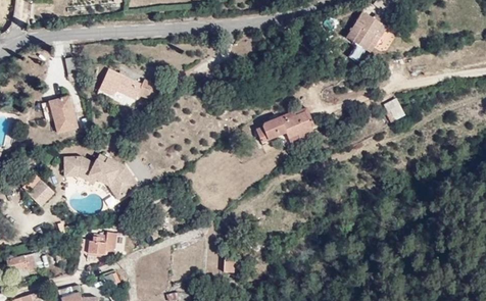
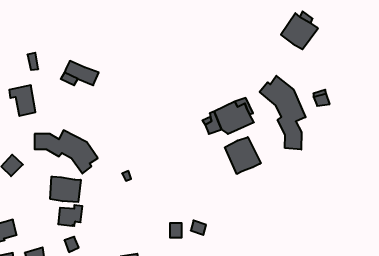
building: none -> [260,76,306,150]
building: none -> [225,137,261,174]
building: none -> [50,177,81,202]

